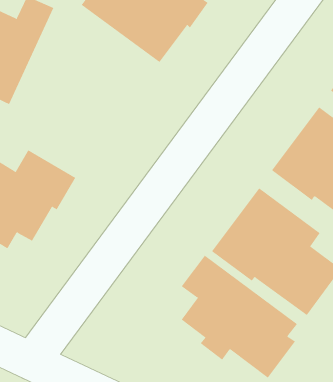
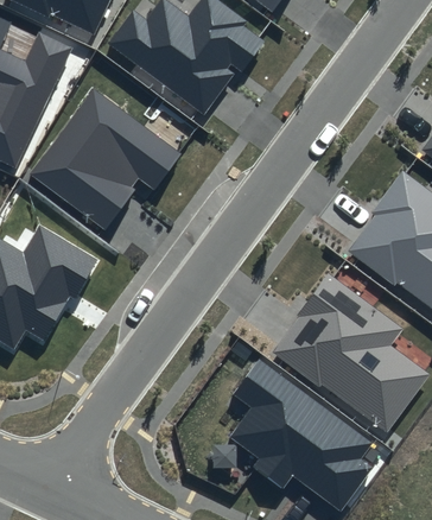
building: none -> [30,89,182,228]

